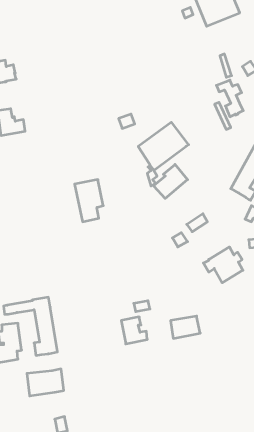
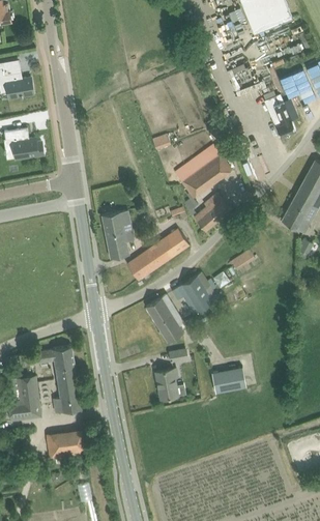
building: none -> [126,229,188,281]
building: [203,247,243,283] -> [171,272,216,314]
building: none -> [145,296,183,342]

